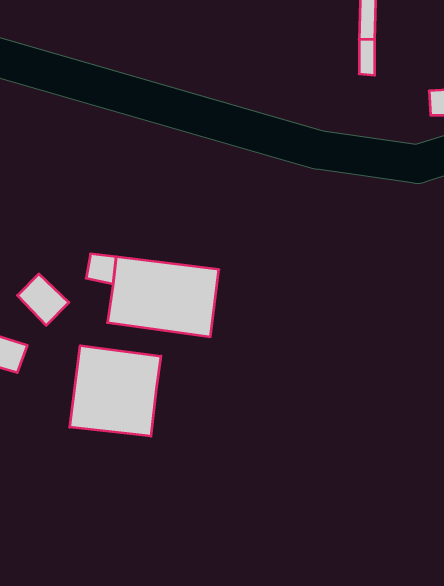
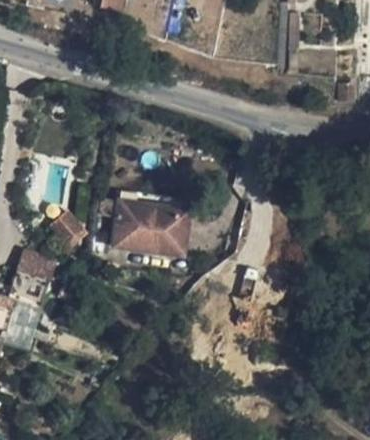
building: [70,346,161,436] -> none

